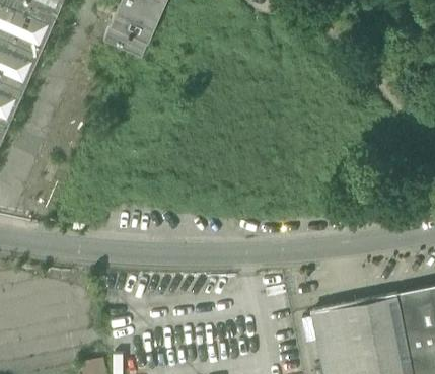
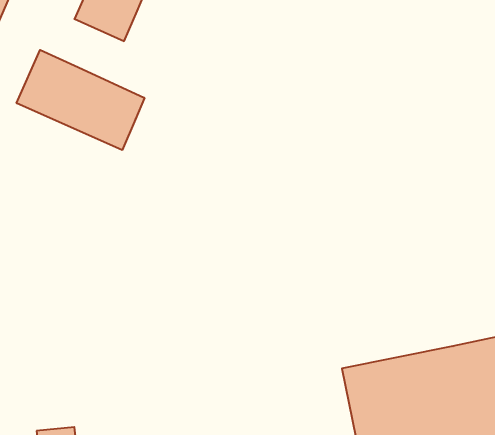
building: none -> [17,50,144,150]

